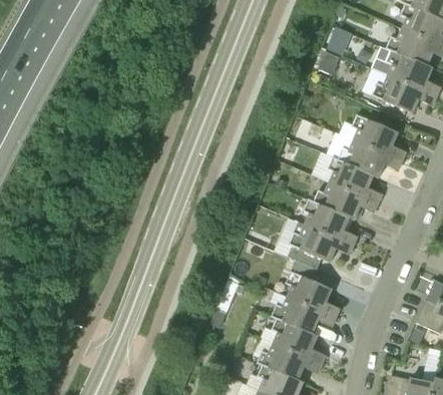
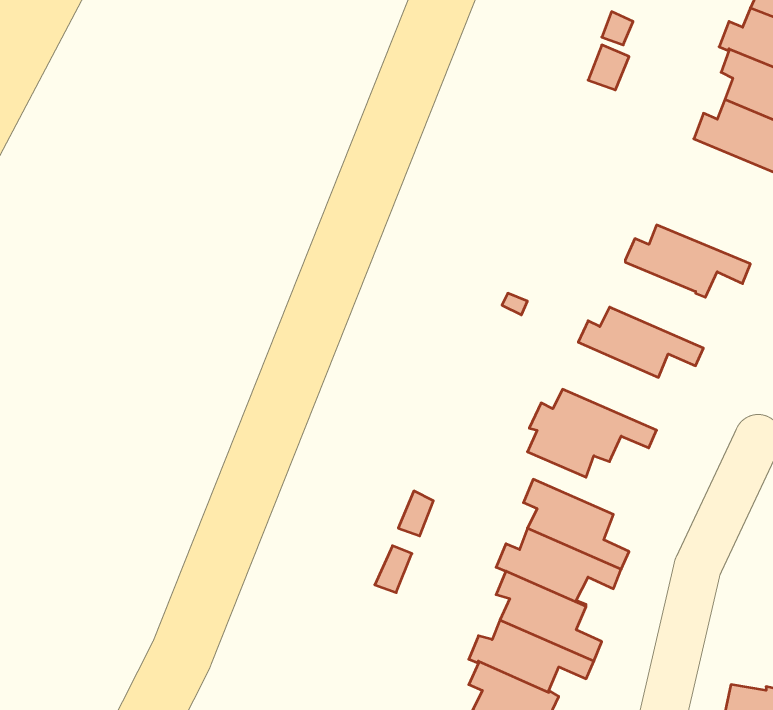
building: [352,113,406,159] -> none
building: [328,155,382,203] -> none
building: [304,198,358,245] -> none

